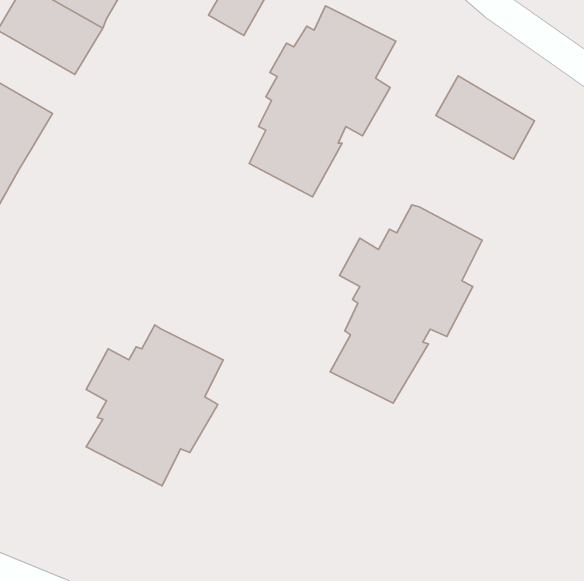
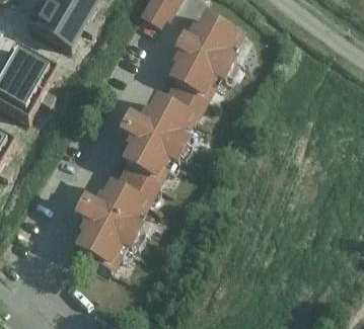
building: [436,76,534,159] -> none
building: [330,205,482,403] -> [116,94,199,202]

